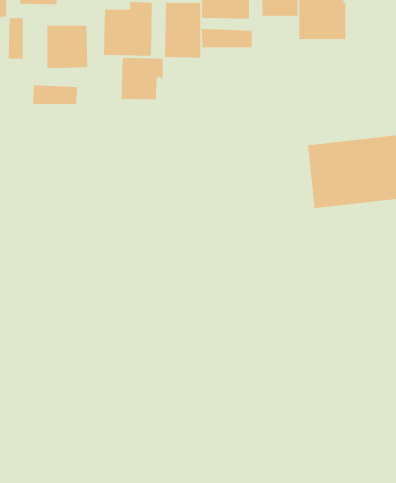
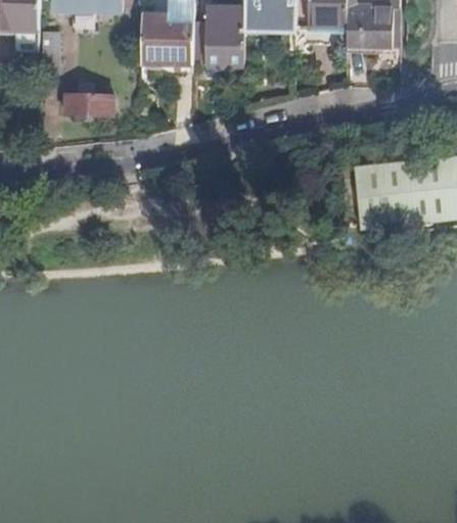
building: [47,25,88,69] -> none
building: [201,28,253,48] -> none
building: [121,57,163,100] -> none

